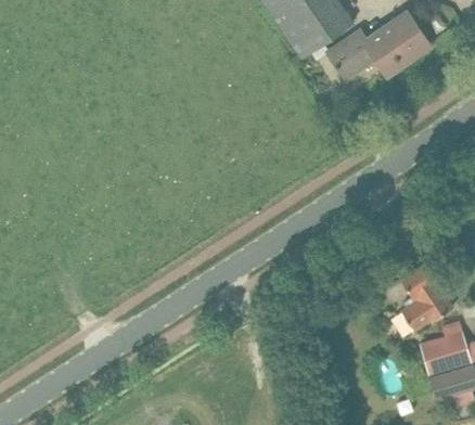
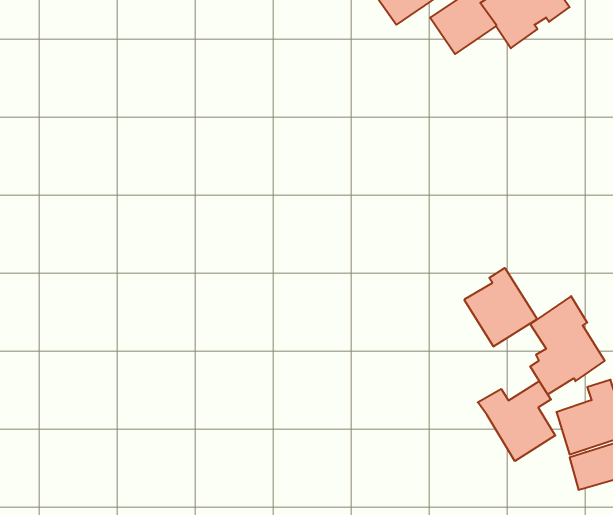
building: none -> [464,268,537,347]
building: none -> [478,381,555,461]

